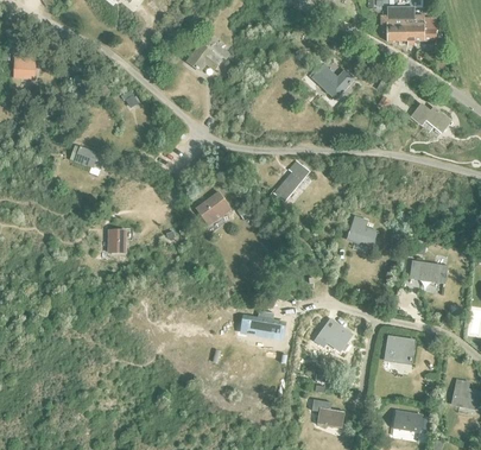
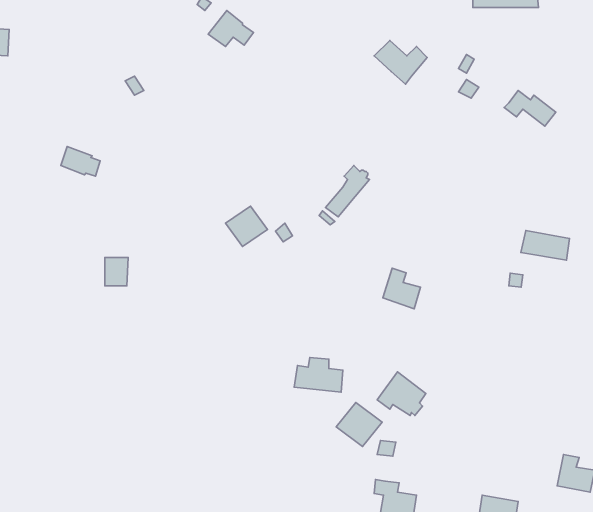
building: [348,216,376,247] -> [383,268,420,309]
building: [410,260,447,283] -> [521,231,570,260]
building: [385,336,414,363] -> none
building: none -> [336,402,382,447]

